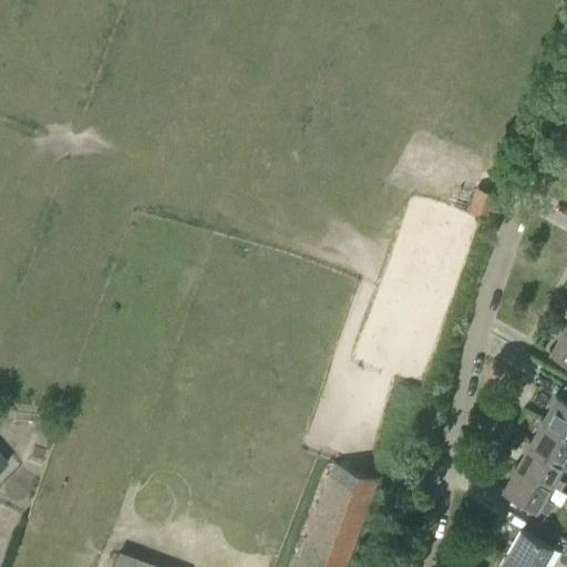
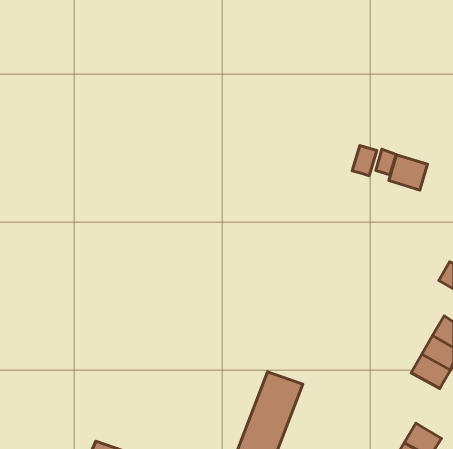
building: none -> [352,146,377,176]
building: none -> [389,155,428,190]
building: [501,471,554,519] -> none

